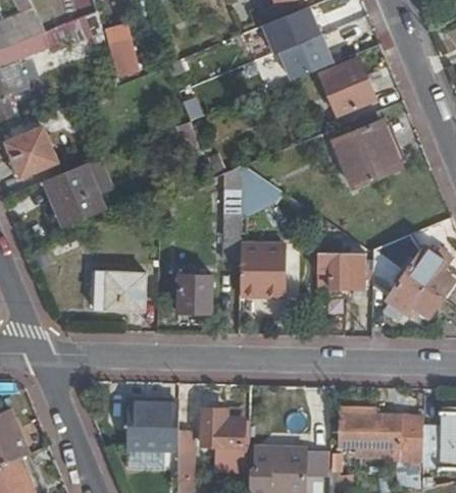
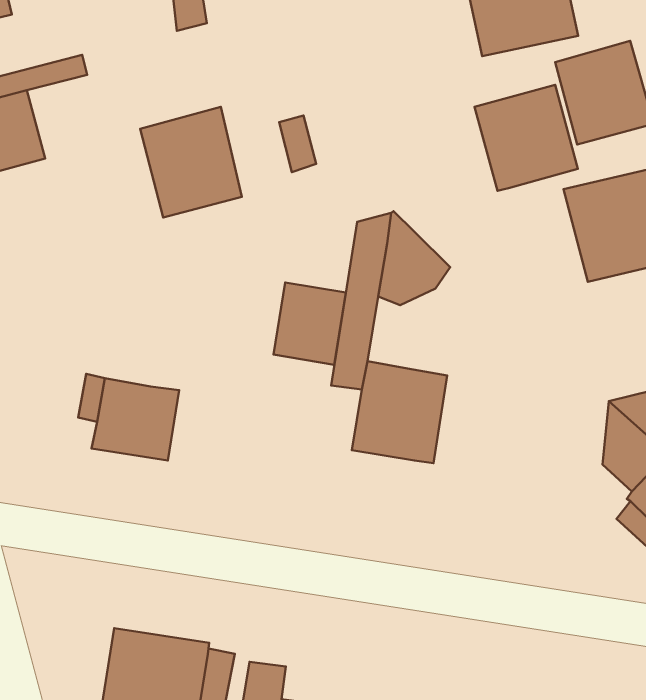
building: none -> [475,85,578,191]
building: [44,164,102,226] -> [140,107,242,218]
building: [316,254,366,290] -> none
building: [179,273,212,313] -> [273,282,346,365]

